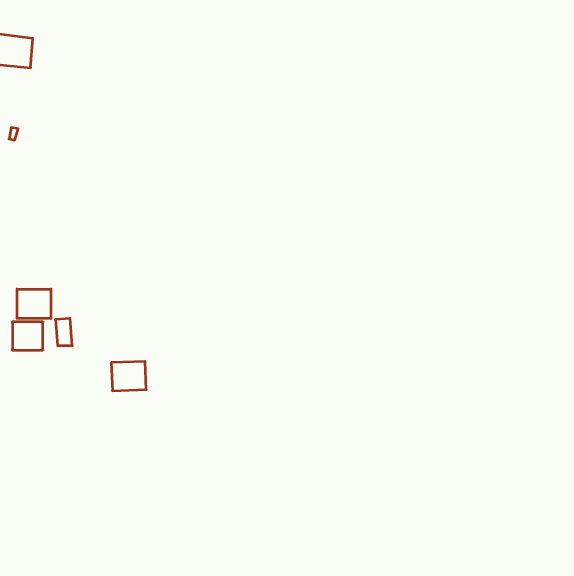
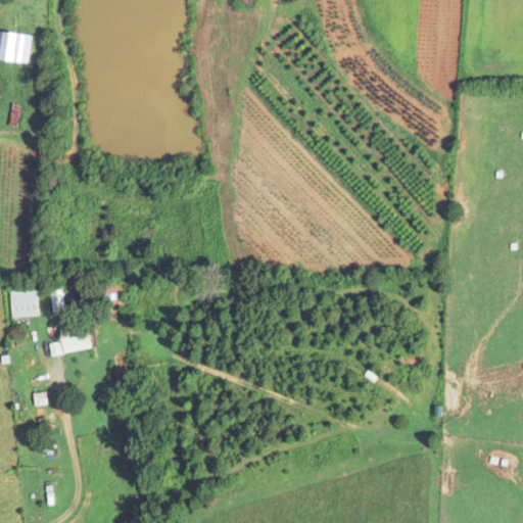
building: [17,289,51,318] -> none
building: [111,361,146,391] -> [62,325,94,351]

